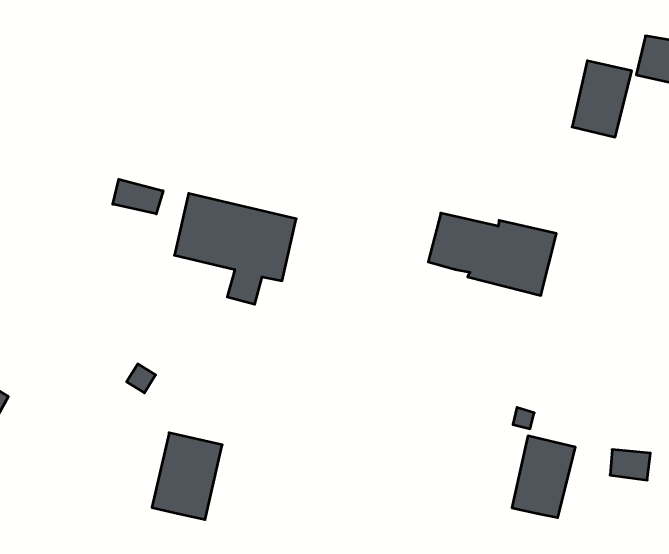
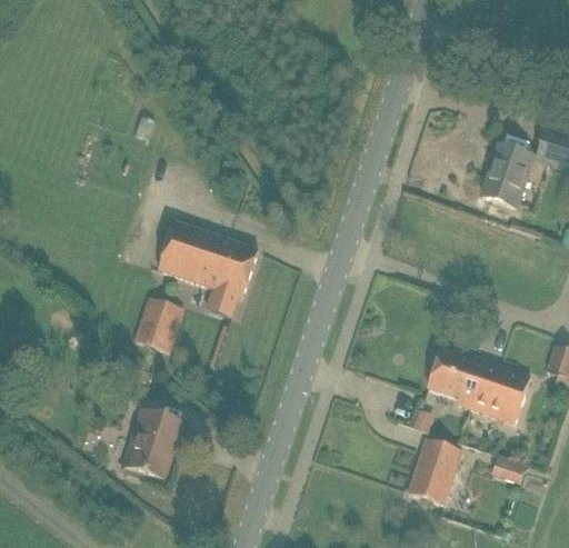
building: [113,179,163,214] -> none
building: [428,213,556,295] -> [428,350,531,422]
building: none -> [136,299,182,351]

